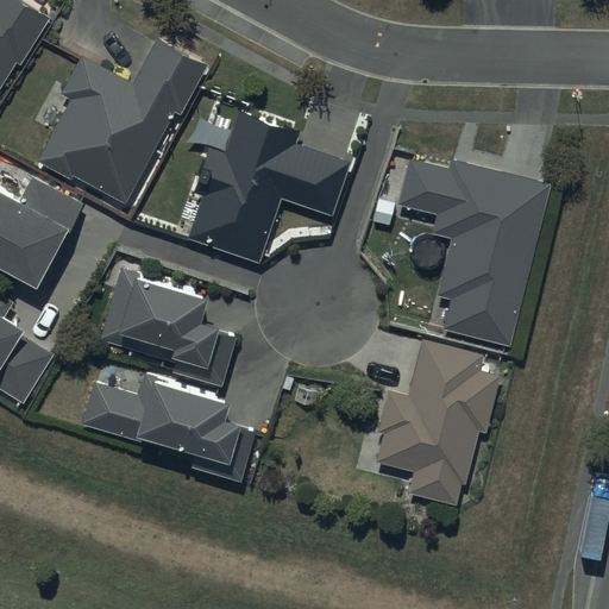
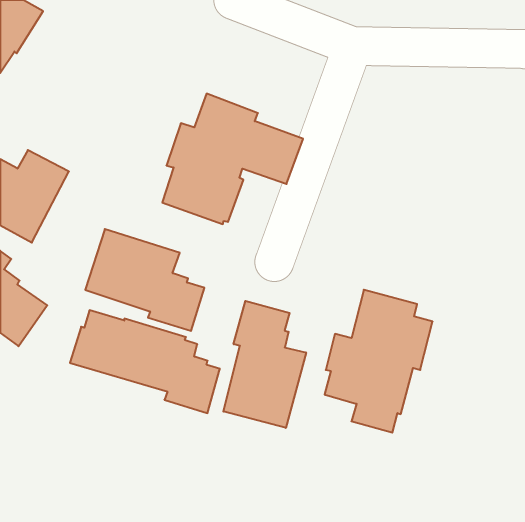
building: [37,40,211,203] -> none
building: [397,159,550,346] -> none
building: none -> [223,301,306,428]

